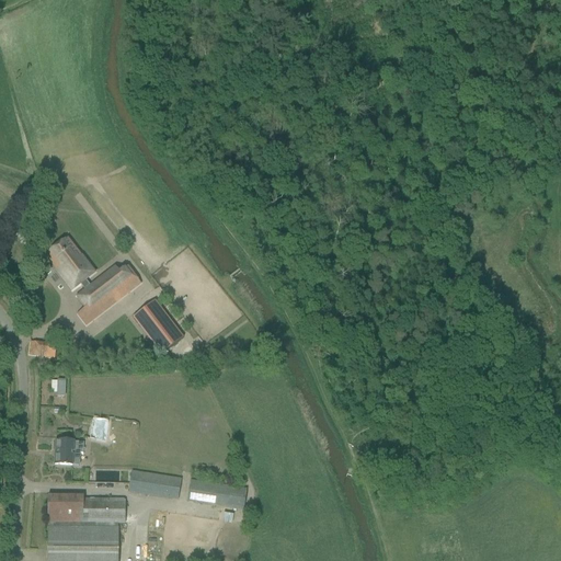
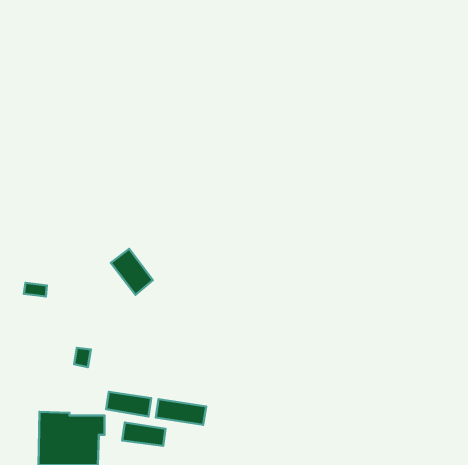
building: [53,236,141,316] -> none
building: [55,438,83,463] -> none
building: none -> [122,422,166,446]

